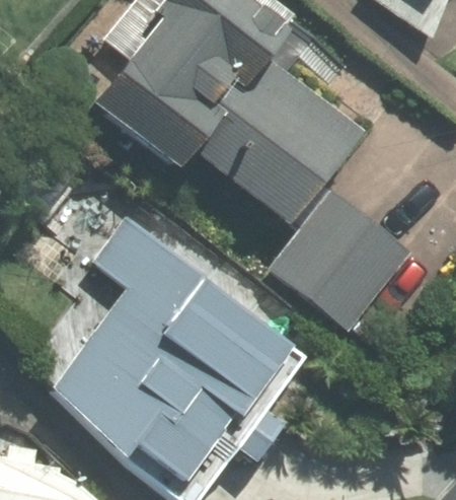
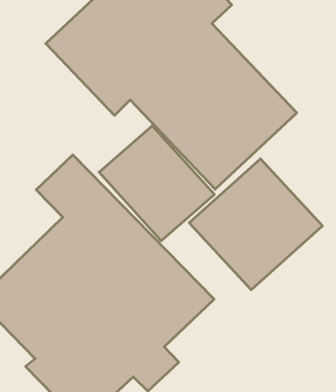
building: none -> [99,126,214,241]

